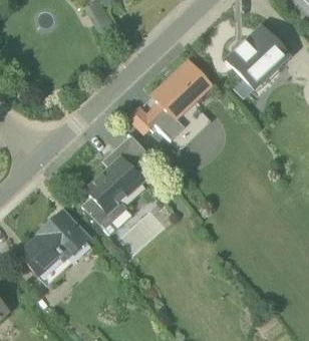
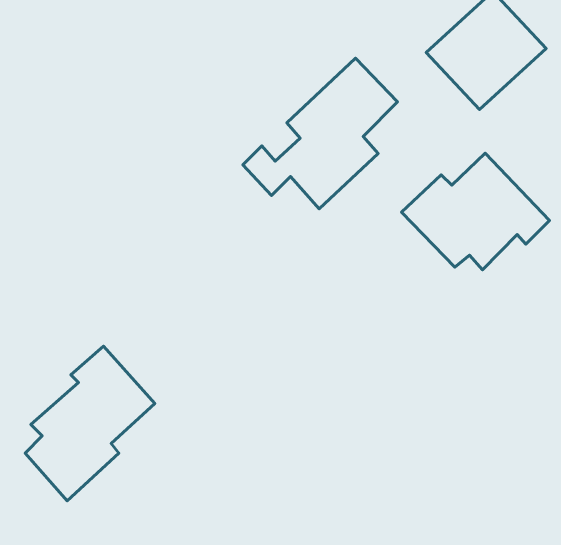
building: none -> [402,153,549,270]
building: [82,148,142,222] -> none

